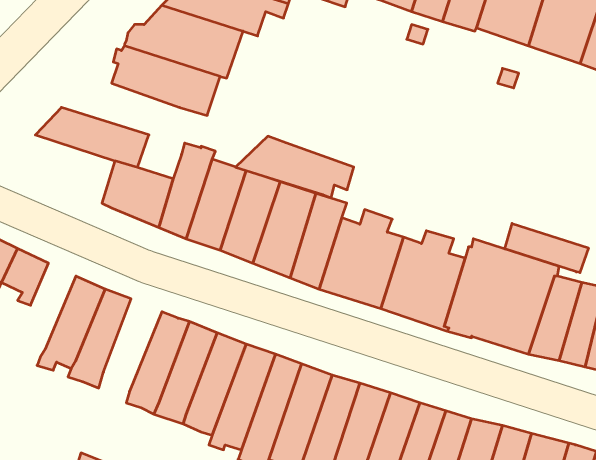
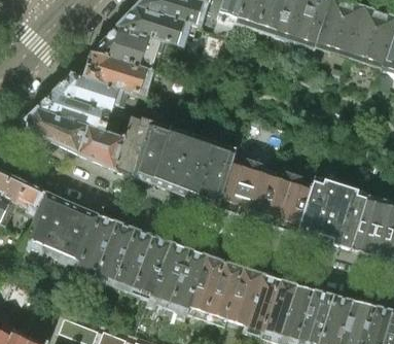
building: none -> [26,108,86,151]
building: [235,136,354,198] -> [52,71,128,110]
building: [505,223,588,273] -> none
building: none -> [19,190,62,250]
building: none -> [75,212,116,278]

